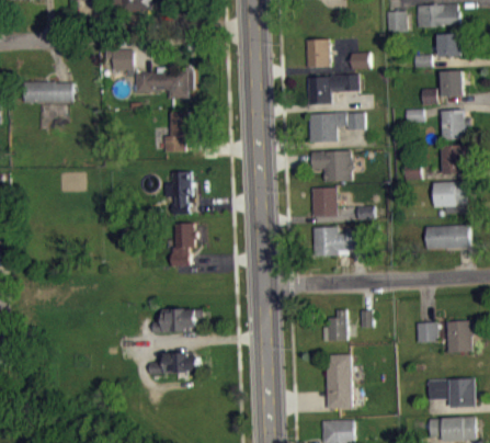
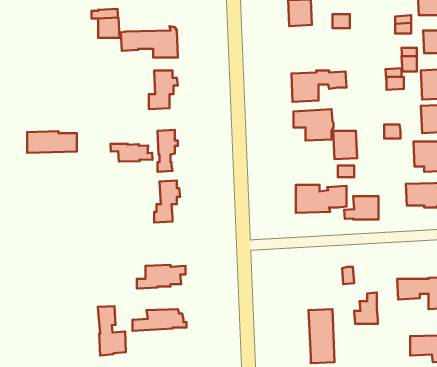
building: [306,75,356,105] -> none
building: [22,80,72,102] -> [27,131,77,153]
building: none -> [110,144,152,161]
building: [311,188,335,216] -> [333,131,357,159]
building: none -> [344,196,378,220]
building: [321,309,345,341] -> [354,292,378,324]
building: none -> [98,306,126,355]

